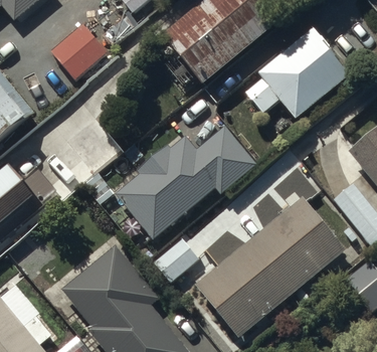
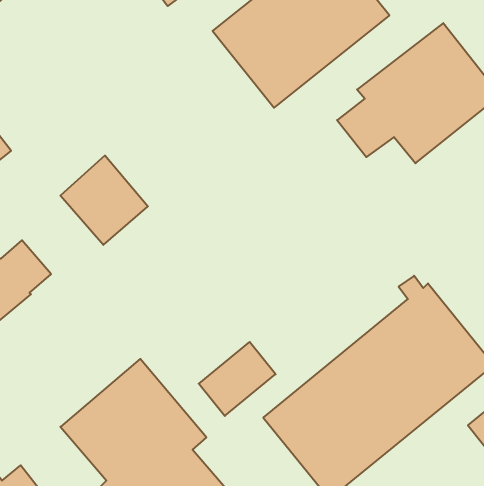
building: [49,23,107,80] -> none
building: [115,126,257,238] -> none

